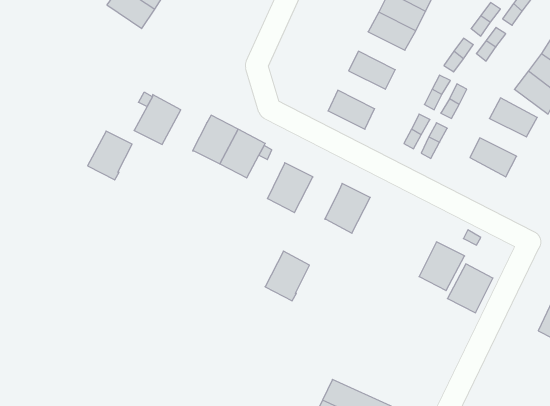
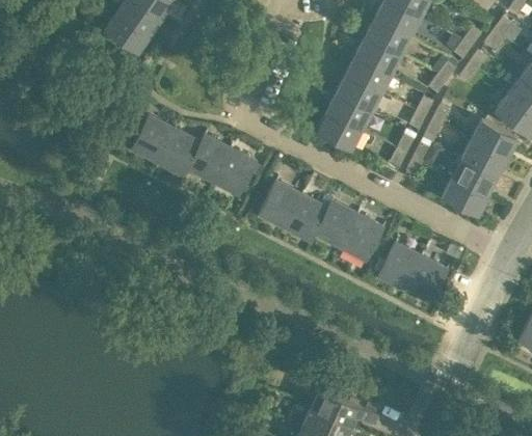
building: none -> [346,54,391,90]
building: none -> [326,91,372,128]
building: none -> [462,137,507,173]
building: [88,131,132,180] -> [158,129,201,175]
building: none -> [443,174,487,212]
building: none -> [340,213,383,261]
building: [265,251,309,301] -> [285,193,327,241]
building: [447,264,493,313] -> [377,242,421,289]

